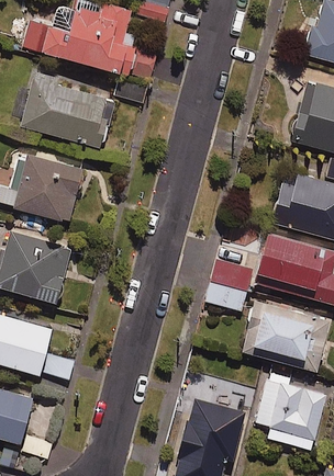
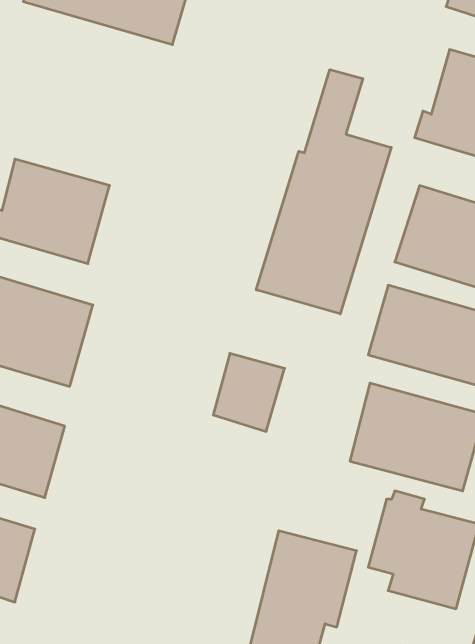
building: [21,72,114,147] -> none
building: none -> [256,70,391,314]
building: [205,260,253,311] -> [213,353,285,431]

